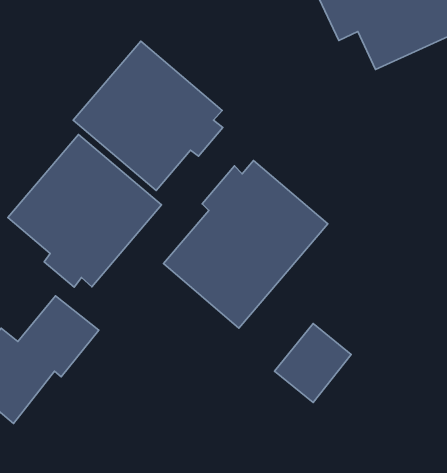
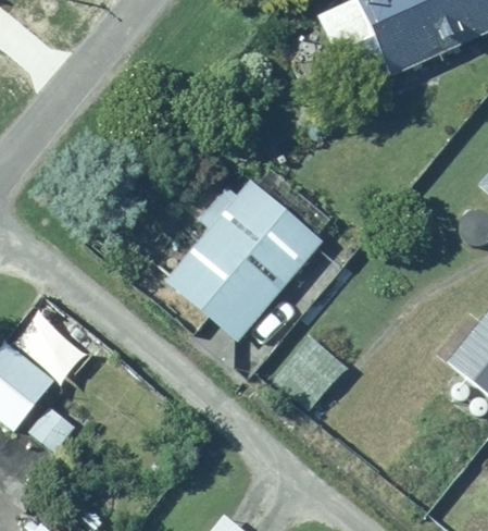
building: [73,41,223,191] -> none
building: [8,134,161,287] -> none

